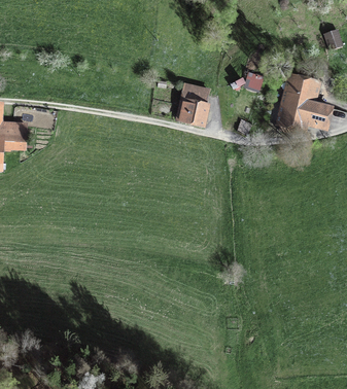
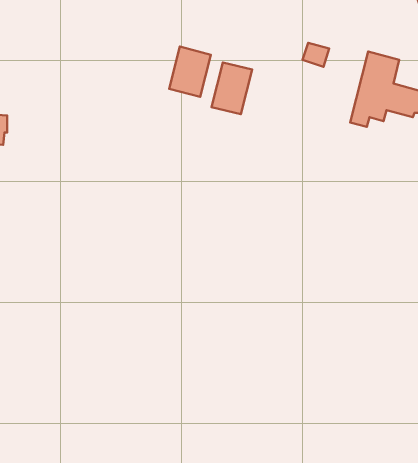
building: none -> [169,47,211,97]

